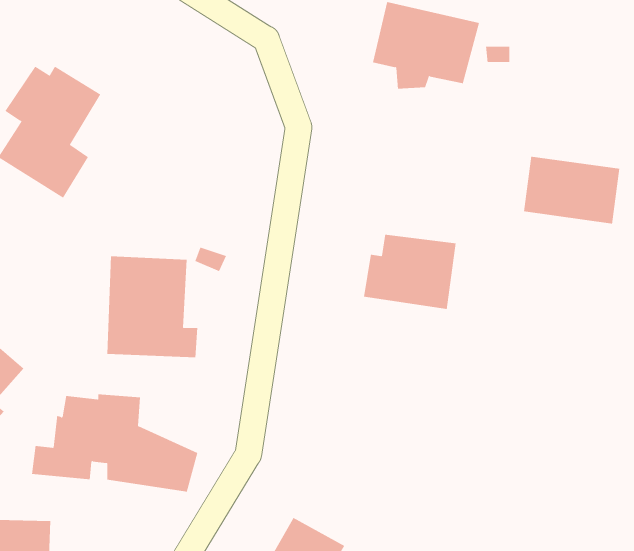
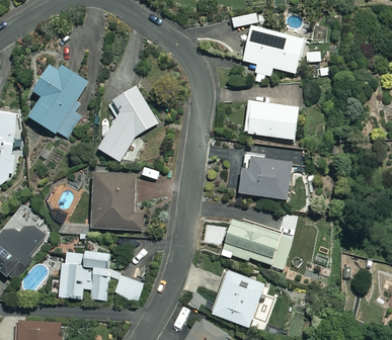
building: none -> [98,84,160,160]
building: [523,156,620,224] -> [243,102,298,141]
building: none -> [222,218,292,269]
building: none -> [211,272,276,329]

